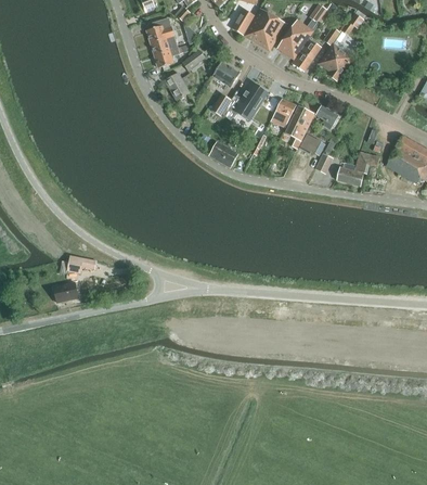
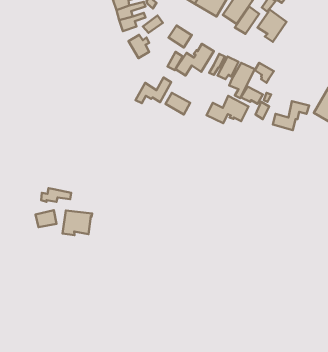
building: none -> [135,78,171,103]
building: none -> [207,96,249,123]
building: none -> [63,211,92,235]

